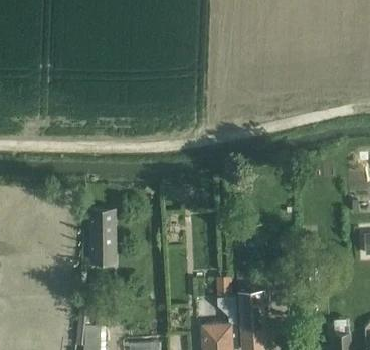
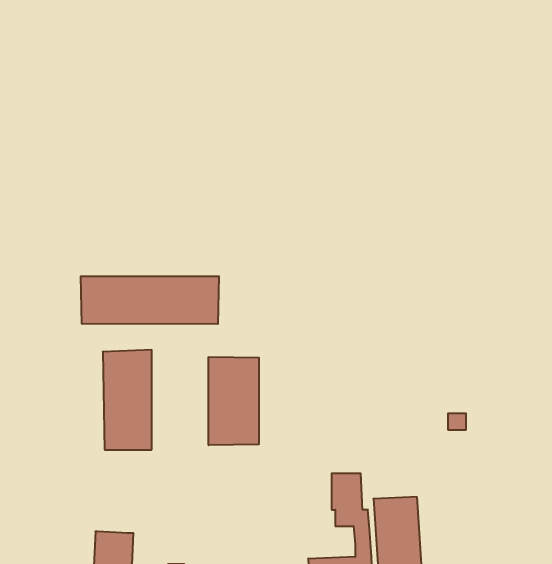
building: none -> [81,276,219,324]
building: none -> [209,357,259,445]

